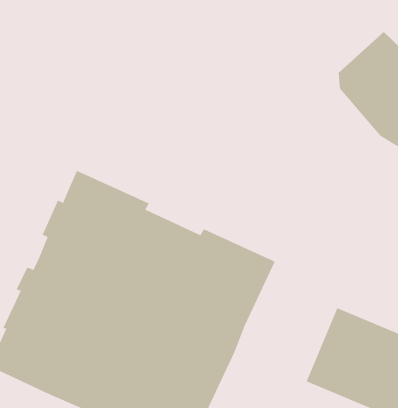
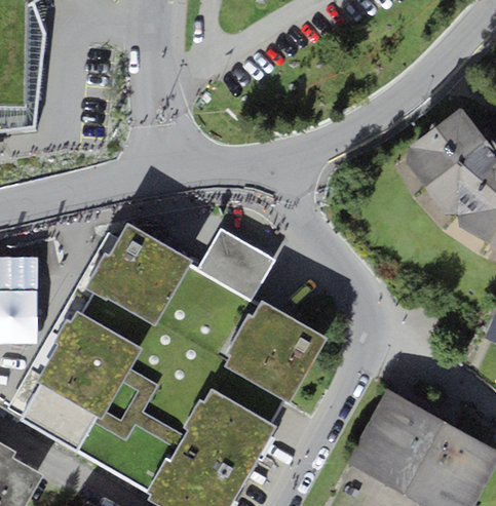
building: none -> [196,229,274,302]

